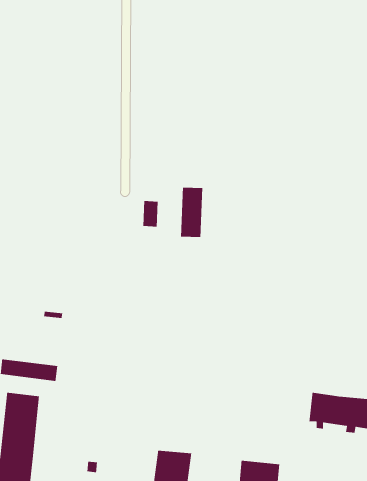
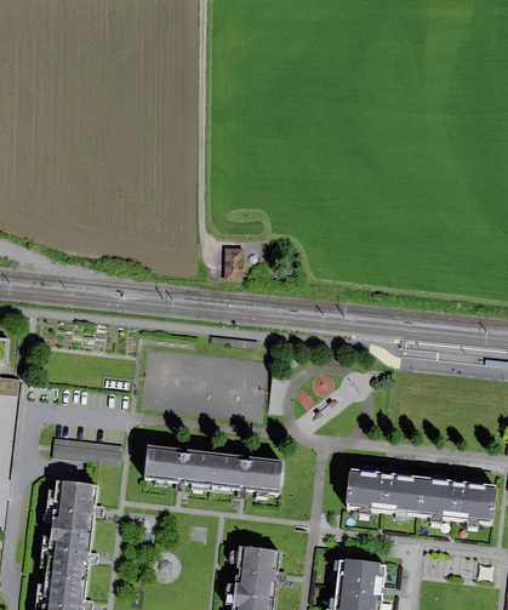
building: [180,187,203,238] -> none
building: none -> [144,445,278,494]
building: none -> [346,469,423,519]

